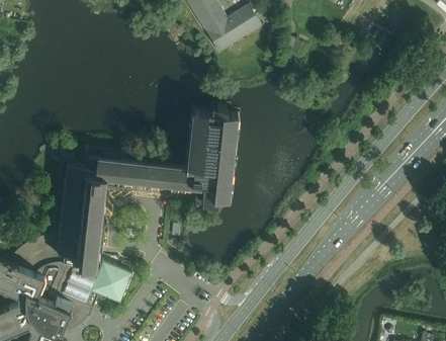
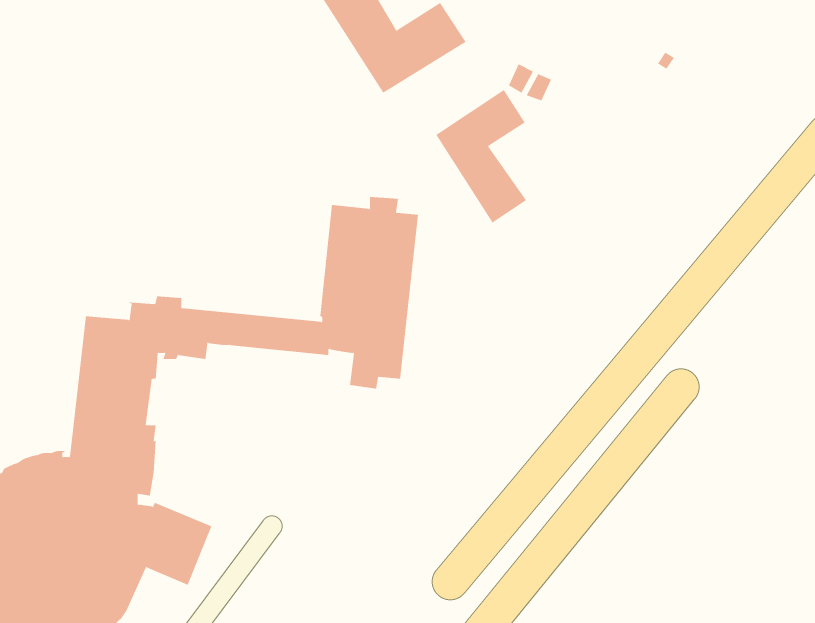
building: none -> [436,89,527,223]

